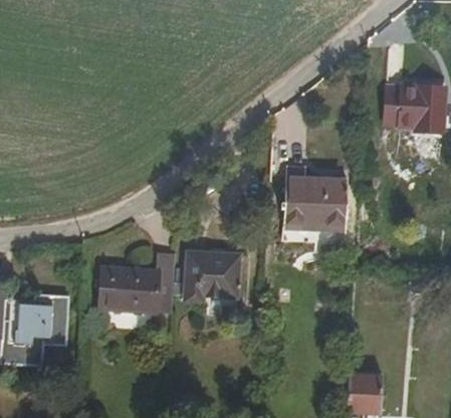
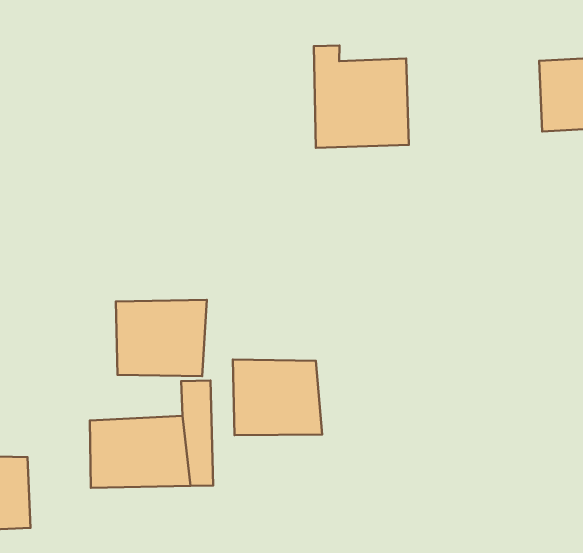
building: [287,166,345,228] -> [314,46,409,148]
building: none -> [116,300,207,376]

